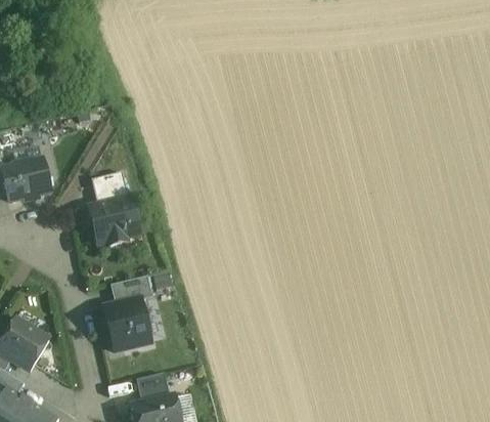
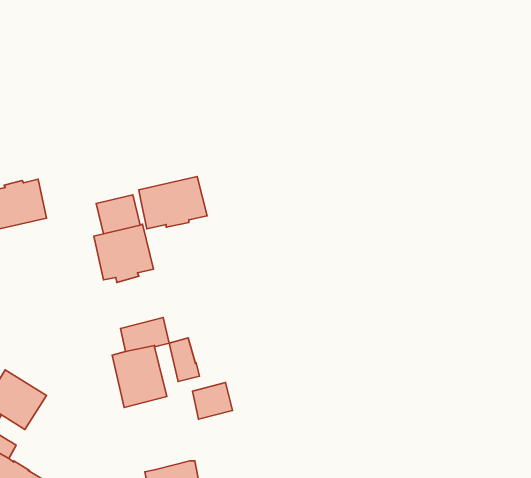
building: none -> [139,176,207,229]
building: none -> [169,338,199,381]
building: [137,373,171,404] -> [193,383,233,419]

